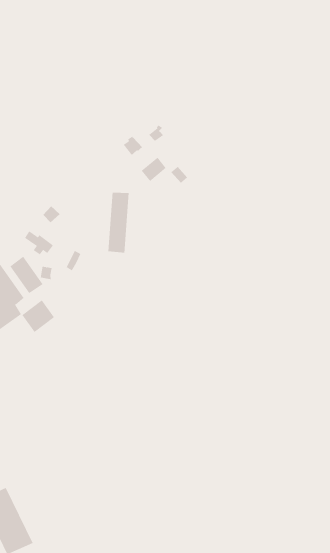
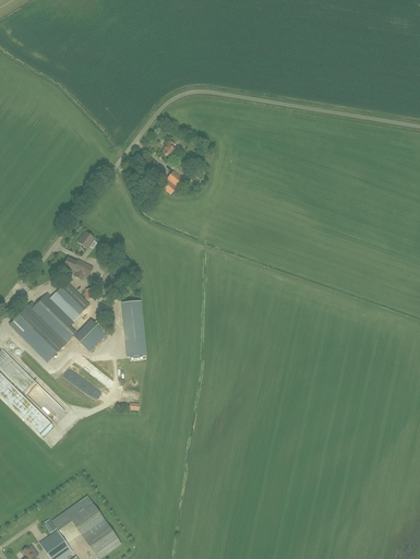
building: [108,192,130,253] -> [123,300,145,357]

